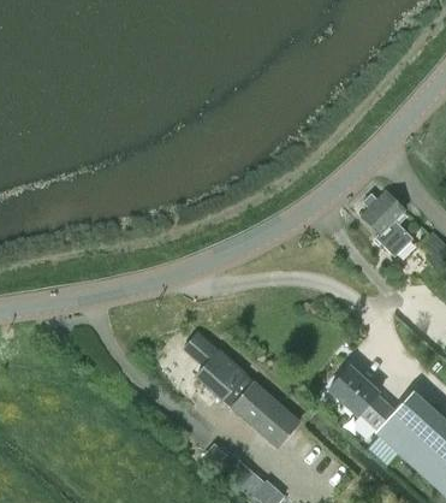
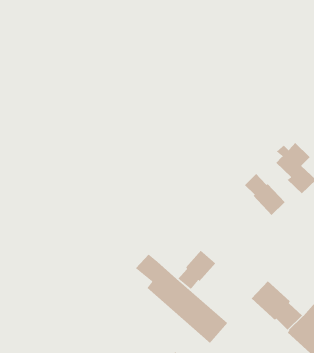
building: none -> [244,173,286,216]
building: none -> [177,250,216,290]

